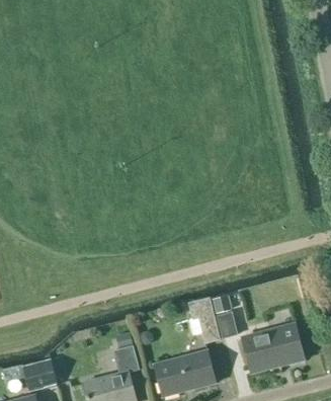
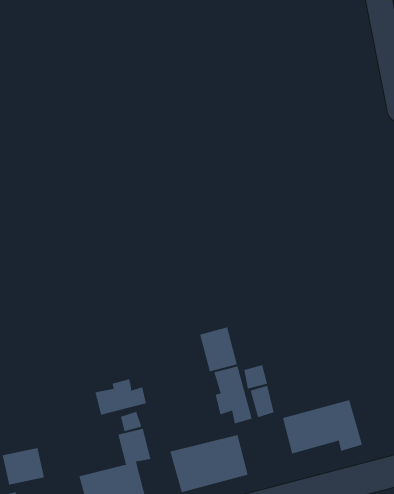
building: none -> [199,327,238,372]
building: none -> [95,378,147,415]

